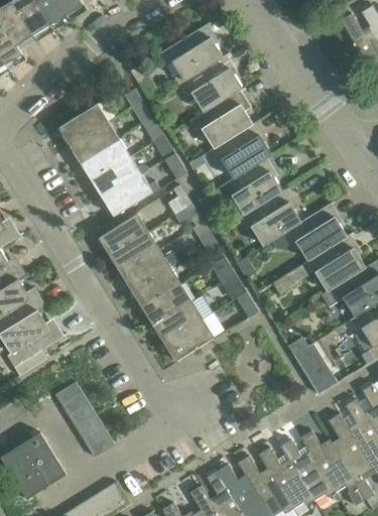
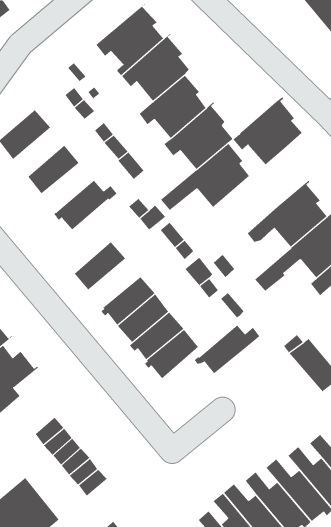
building: [70,121,118,162] -> none
building: [89,156,148,198] -> none
building: [237,185,300,245] -> [233,96,302,165]
building: [96,213,147,255] -> none
building: [115,248,177,289] -> [194,325,260,374]

